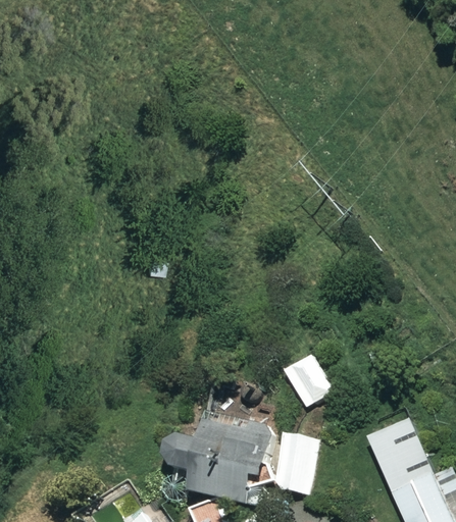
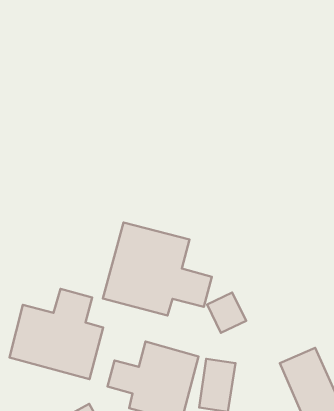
building: none -> [103,223,212,316]
building: none -> [10,289,103,379]

